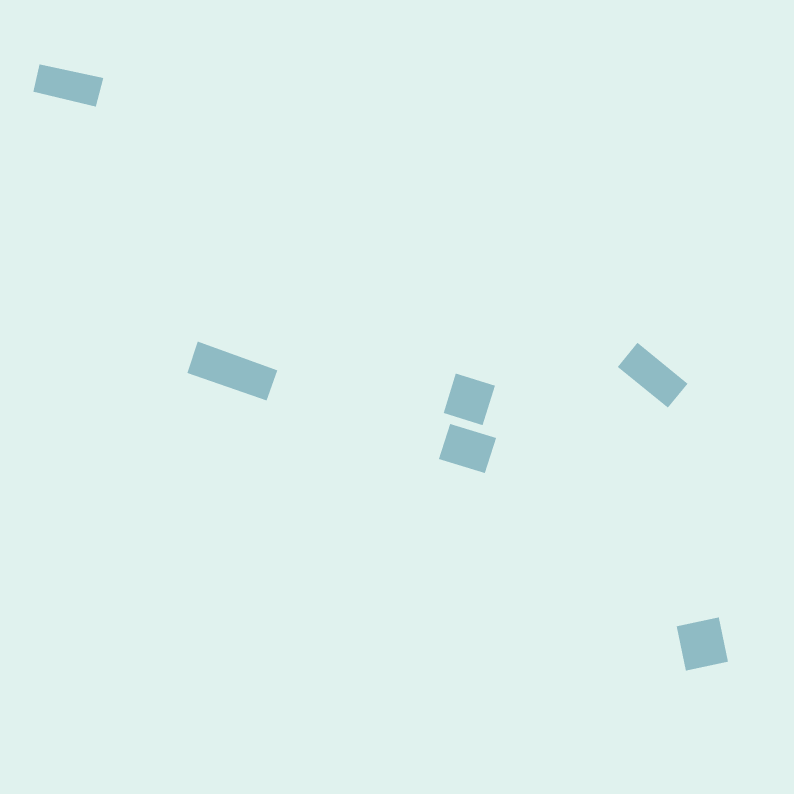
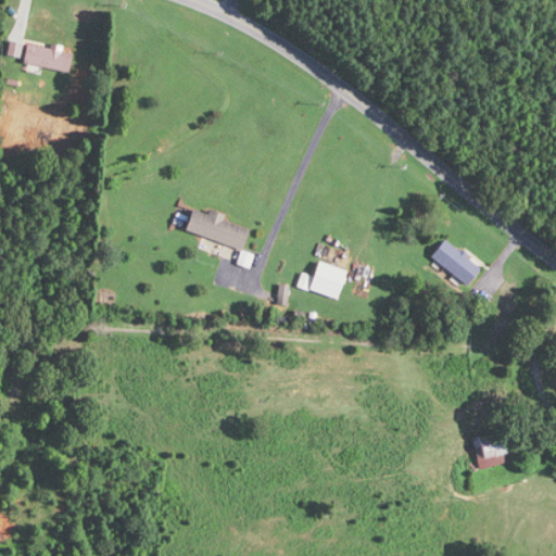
building: [186,341,278,401] -> [186,207,250,250]
building: [438,423,497,474] -> none

